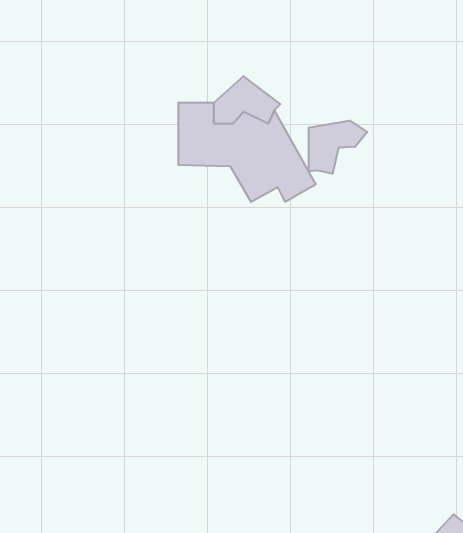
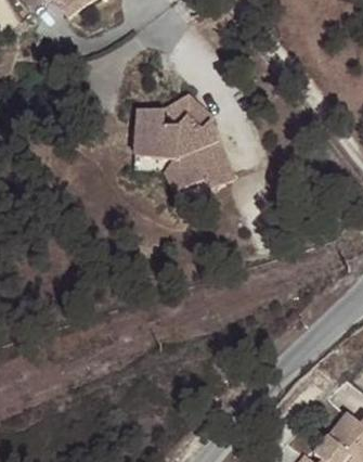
building: [309,120,367,174] -> none

